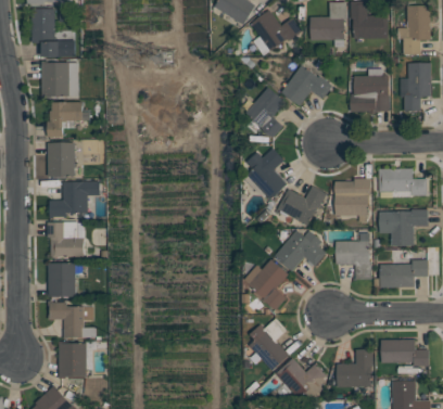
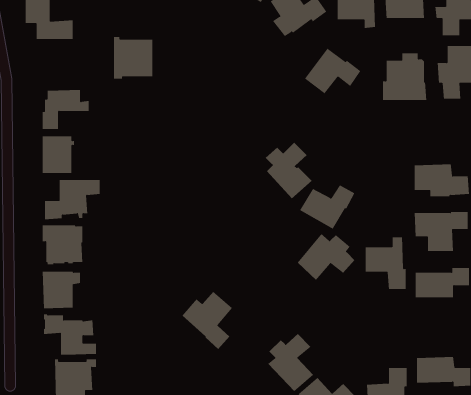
building: [41,61,77,99] -> [113,37,153,79]
building: [245,88,284,139] -> none
building: [333,179,370,221] -> none
building: [242,259,288,311] -> [182,291,233,350]

